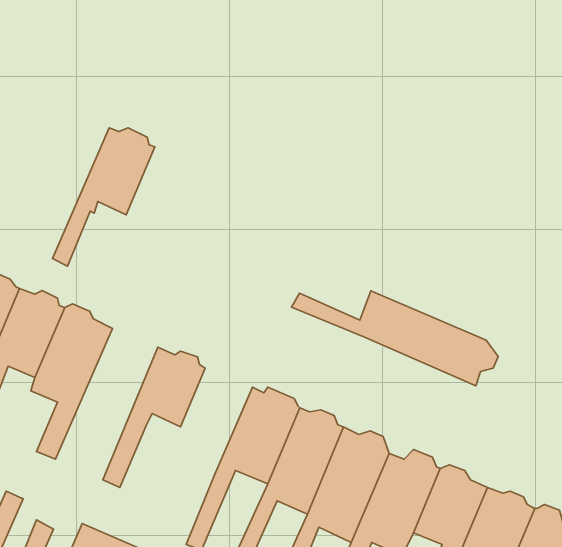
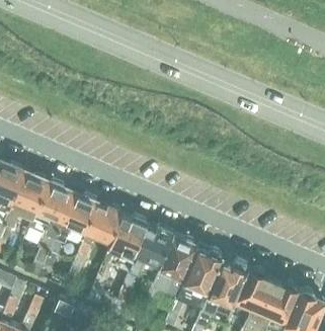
building: [52,128,155,266] -> [43,194,97,268]
building: [292,291,498,386] -> none
building: none -> [87,216,148,303]

